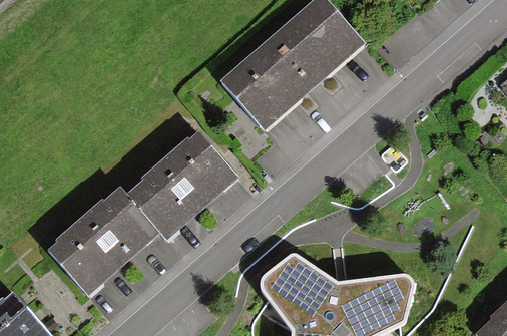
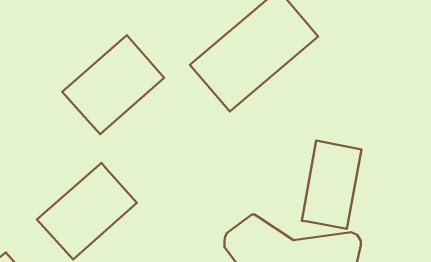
building: [124,132,239,245] -> [62,35,164,134]
building: none -> [302,140,362,229]

